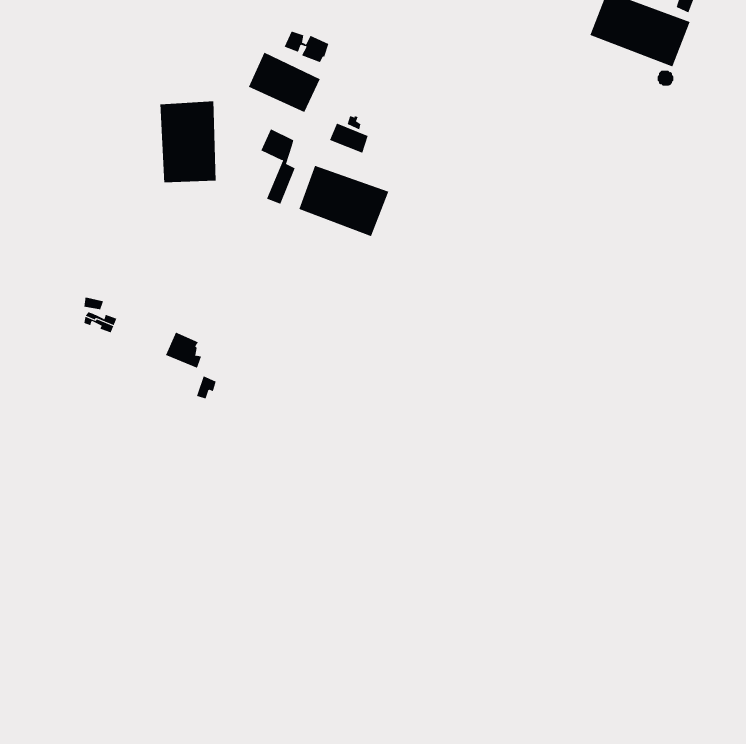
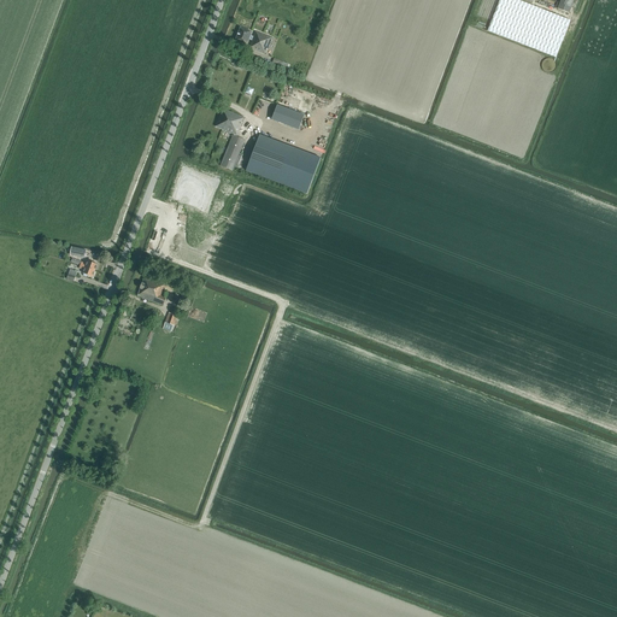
building: [248,52,320,113] -> none
building: [160,101,216,183] -> none

